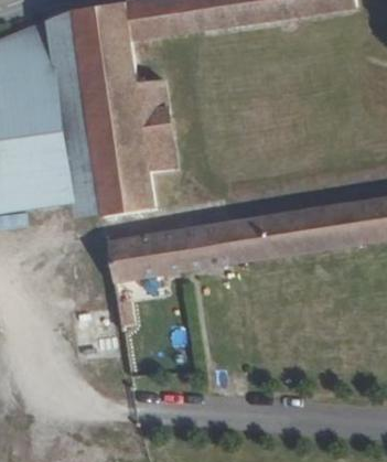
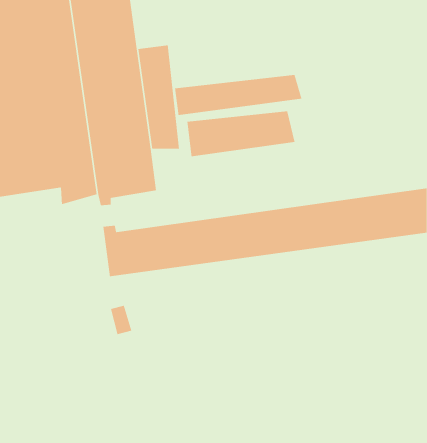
building: none -> [174,74,302,116]
building: none -> [187,110,295,157]

